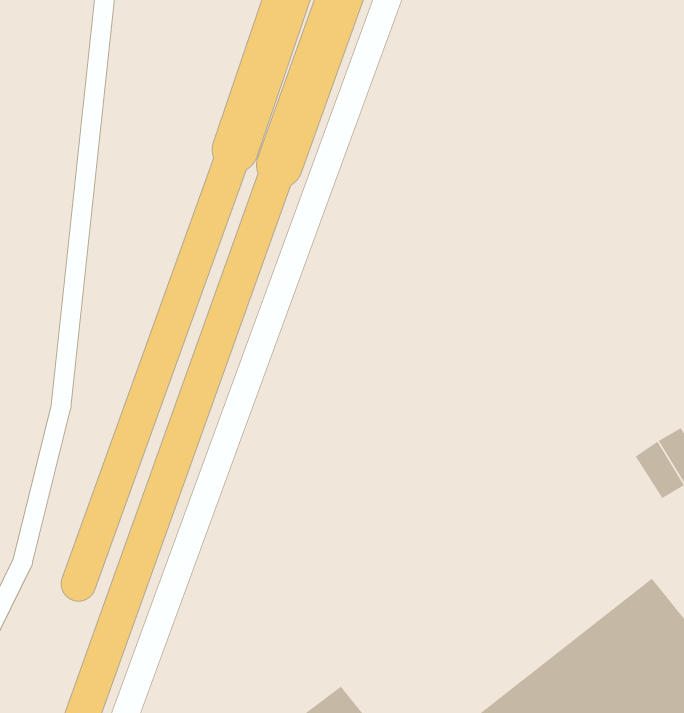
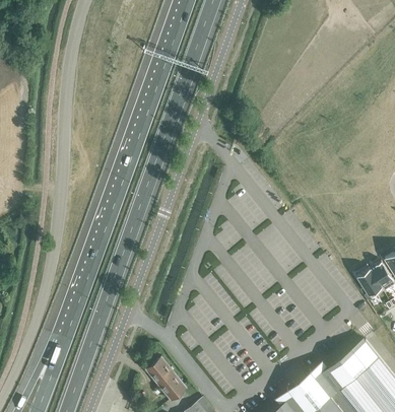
building: none -> [145,357,190,402]

